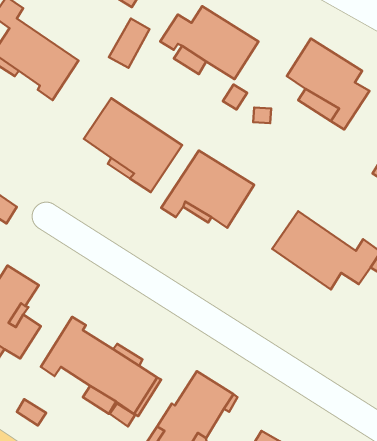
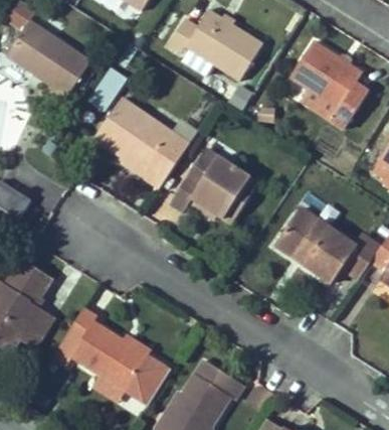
building: [109,19,150,68] -> [87,64,127,112]

